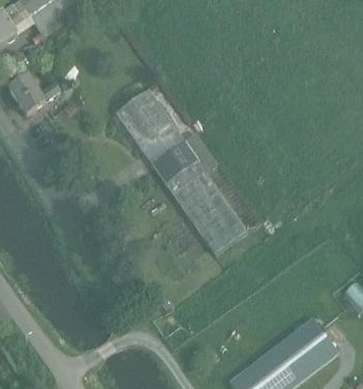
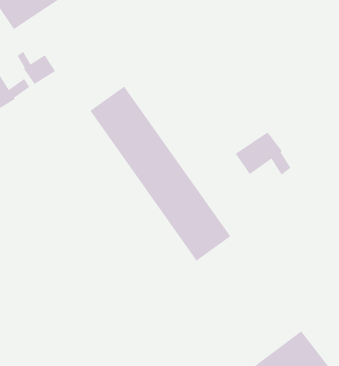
building: none -> [17,51,56,85]
building: none -> [235,131,291,175]

